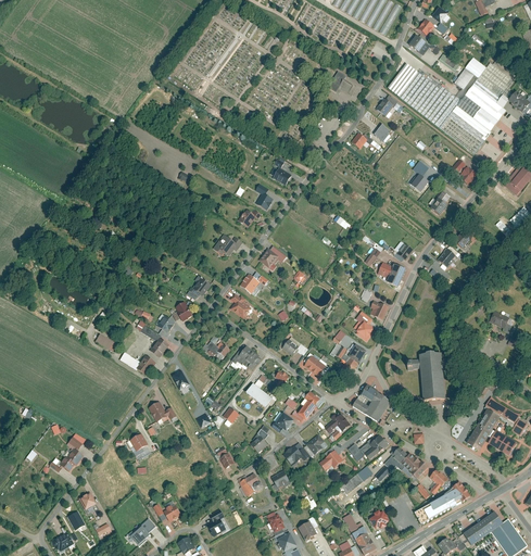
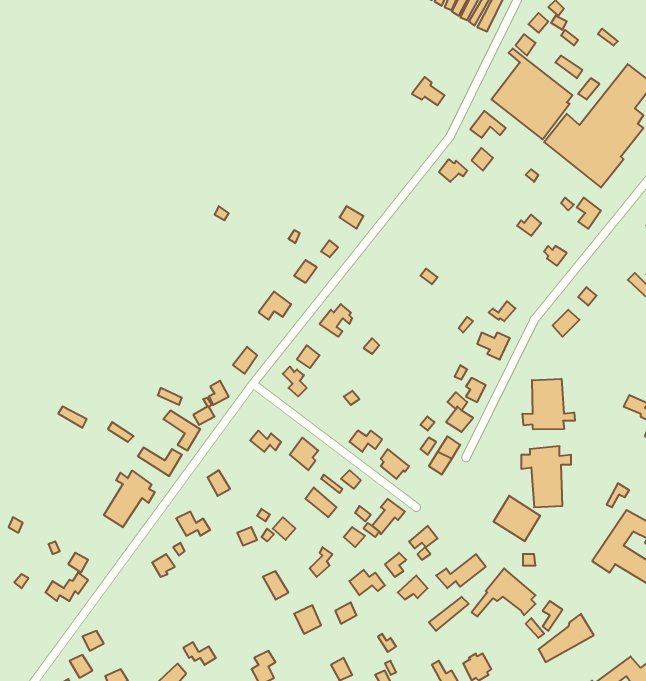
building: none -> [522,379,575,429]
building: none -> [104,471,155,527]
building: [352,386,388,420] -> [493,496,540,541]

